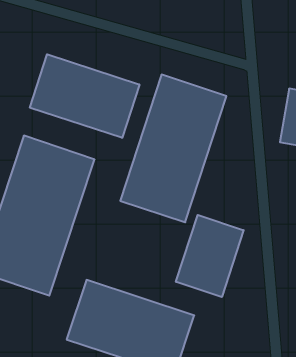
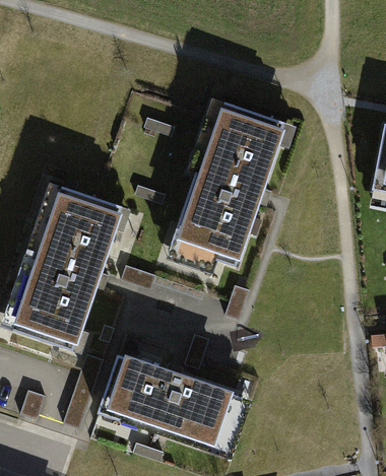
building: [30,54,139,138] -> none
building: [176,215,244,297] -> none

